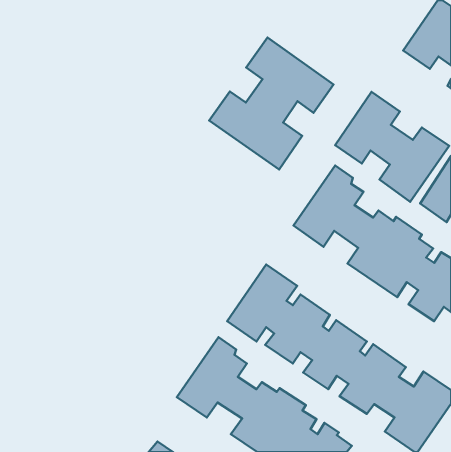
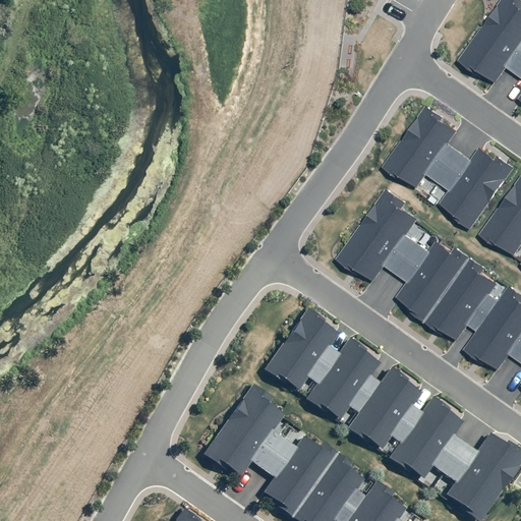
building: [209,38,333,169] -> none

